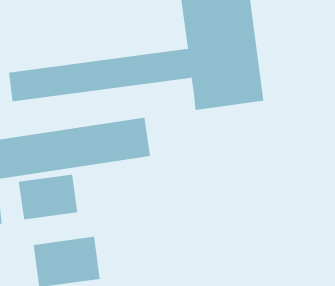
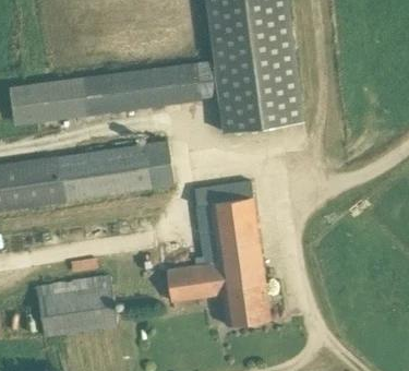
building: none -> [168,182,270,326]
building: [18,174,78,220] -> none

